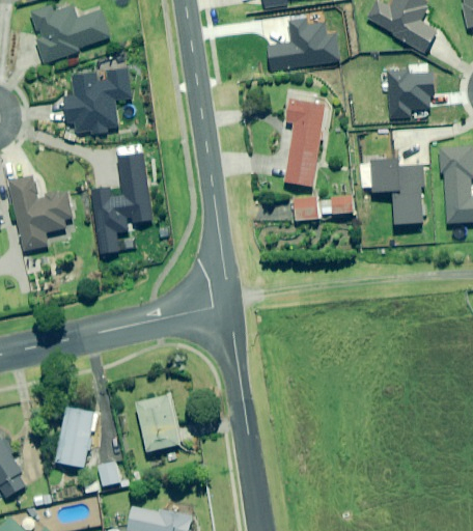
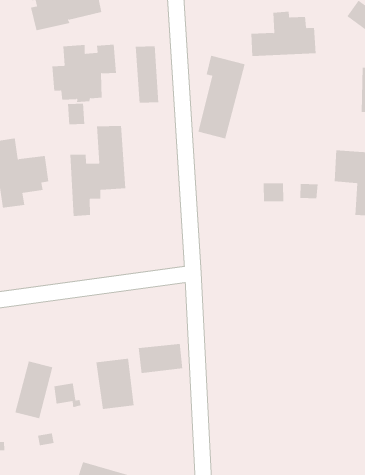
building: none -> [135,45,159,104]
building: [284,101,328,187] -> [198,55,245,139]
building: none -> [68,103,85,125]
building: none -> [138,343,183,374]
building: [99,462,130,487] -> [53,383,81,408]

